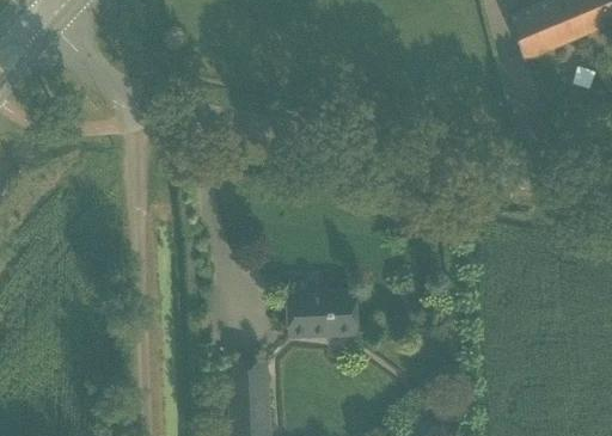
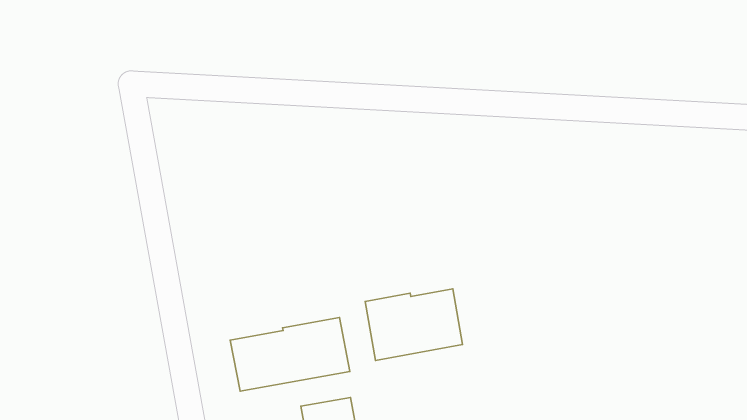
building: none -> [230,317,350,391]

